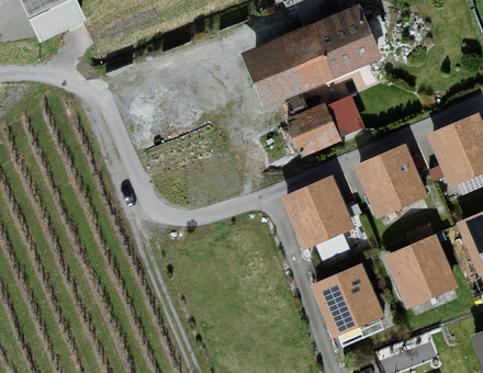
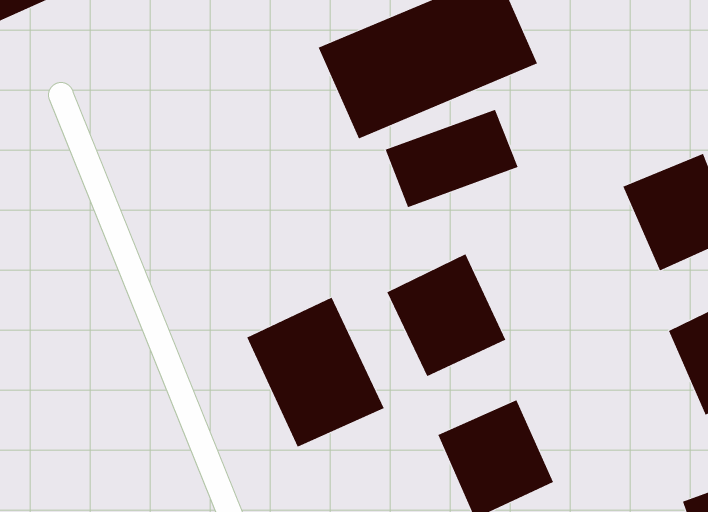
building: [356,146,428,221] -> none
building: none -> [247,297,384,447]
building: [387,237,460,312] -> none

